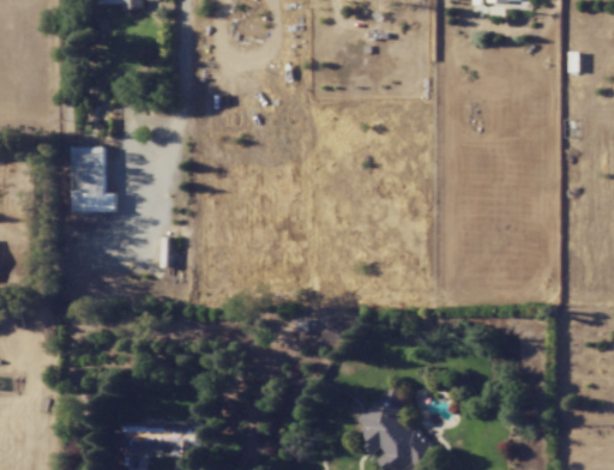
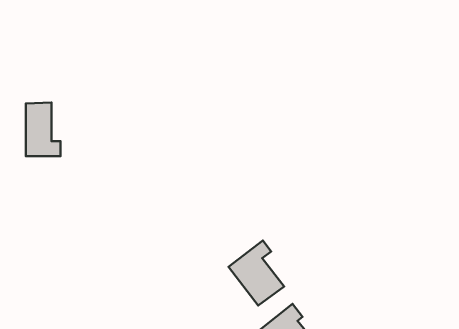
building: none -> [228,240,284,305]

